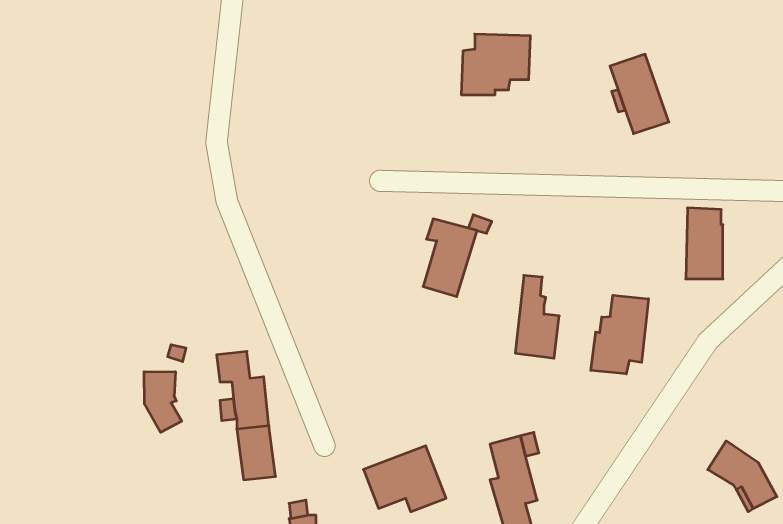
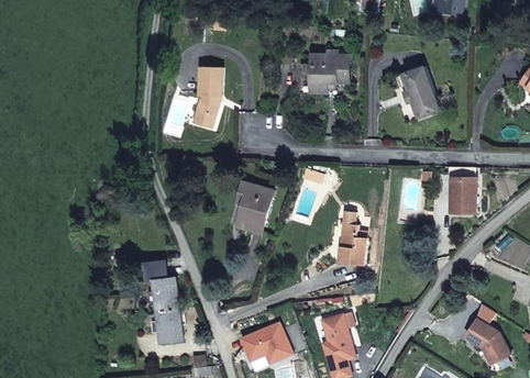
building: none -> [192,67,222,127]
building: [423,219,477,297] -> [238,181,273,232]
building: [591,295,648,374] -> none
building: [144,372,182,432] -> none

